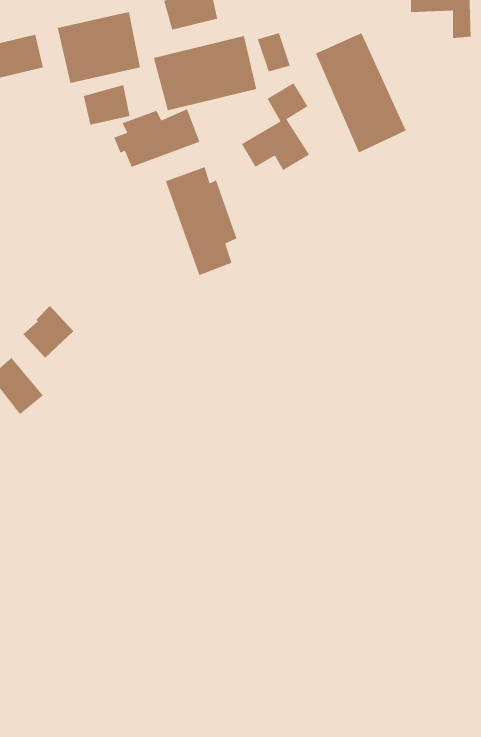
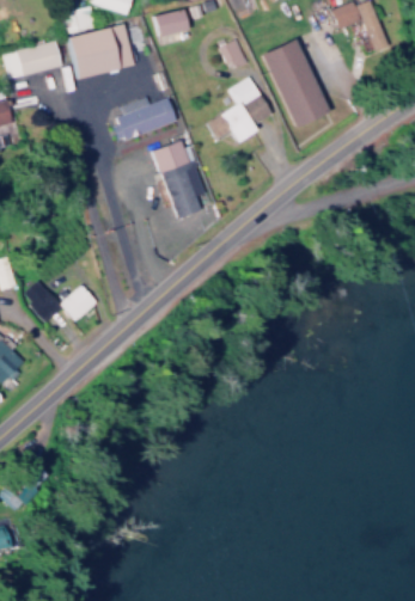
building: [153,35,257,111] -> none
building: [83,84,130,125] -> none
building: [22,305,74,359] -> [59,282,97,321]

